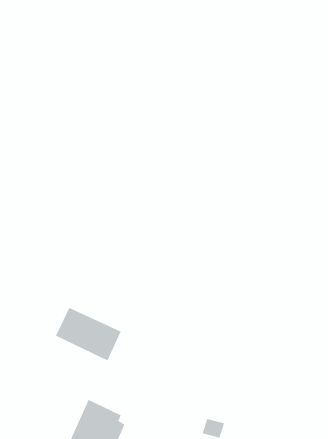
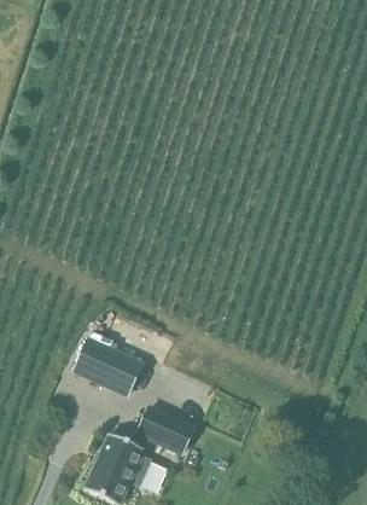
building: none -> [134,405,194,455]

